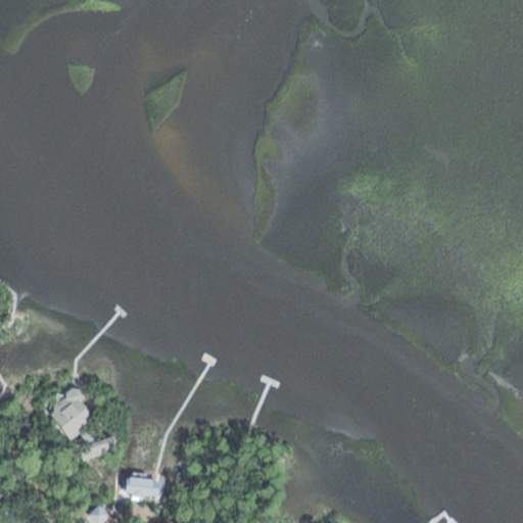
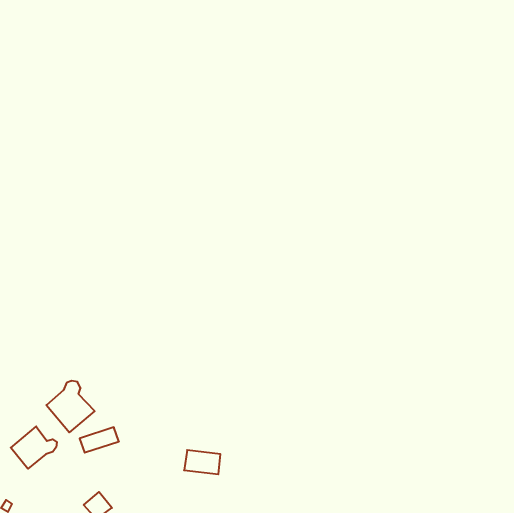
building: none -> [11,426,57,469]
building: [125,475,161,500] -> [184,450,220,474]

